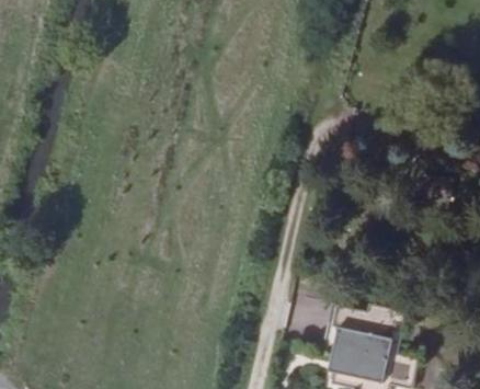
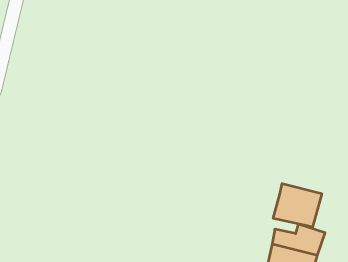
building: none -> [273,184,322,227]

